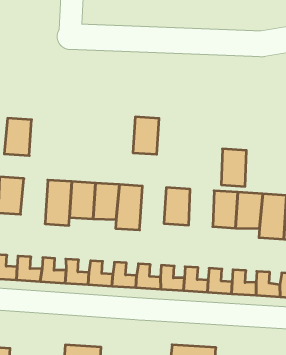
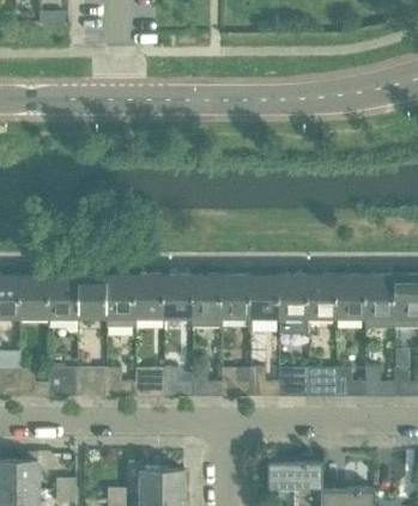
building: [133,117,159,154] -> [220,275,249,318]
building: [4,118,32,156] -> [77,275,107,318]
building: [221,149,246,186] -> [278,275,308,318]

